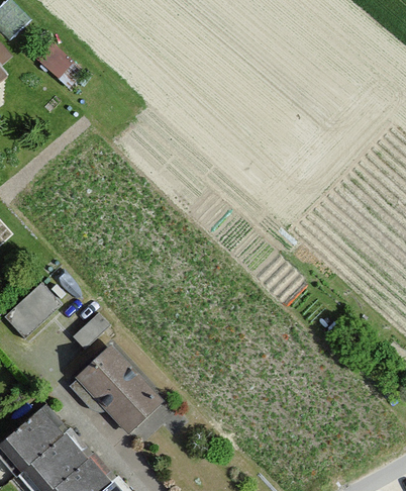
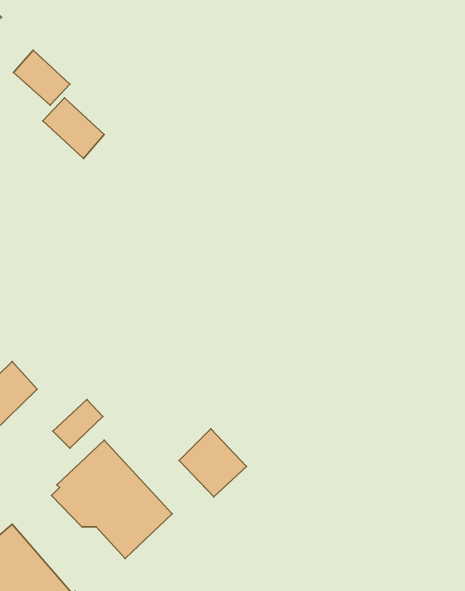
building: none -> [43,98,104,159]
building: none -> [179,429,246,497]

